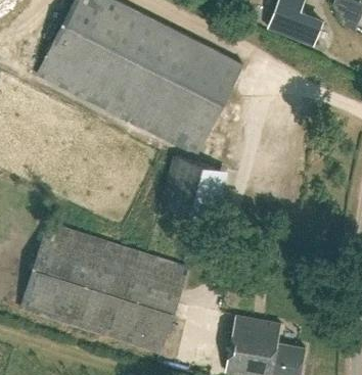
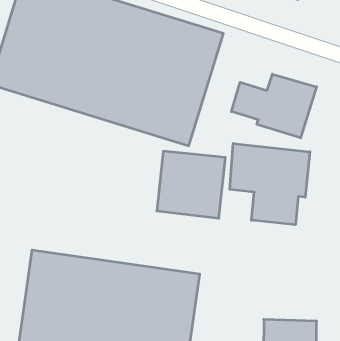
building: none -> [231,74,317,138]
building: none -> [230,143,310,225]

